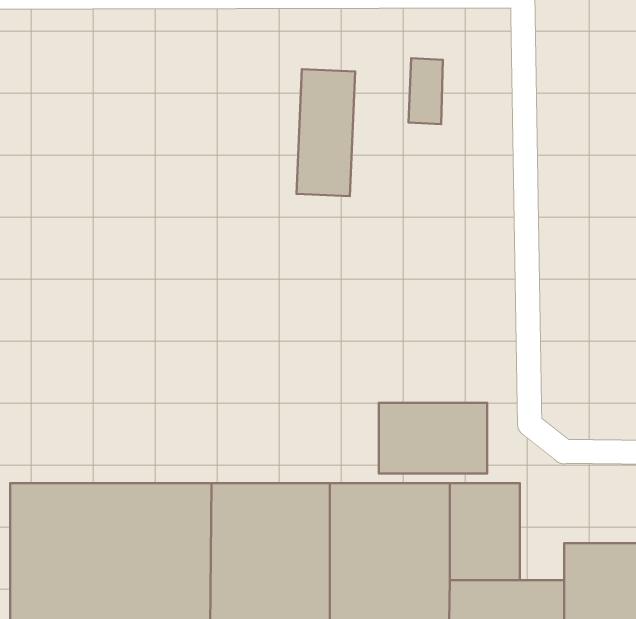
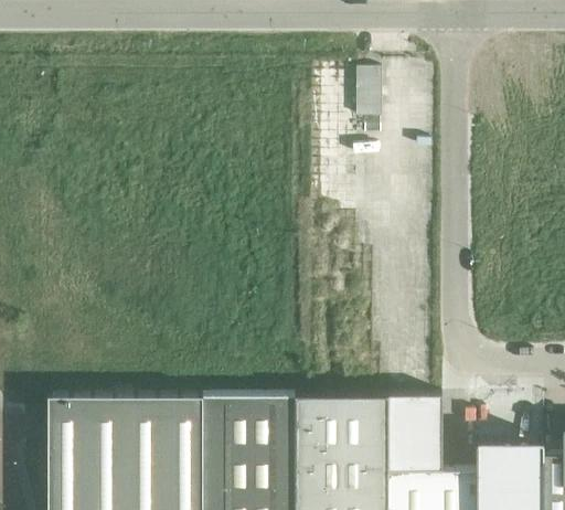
building: [296,69,355,196] -> none
building: [379,403,487,474] -> none

